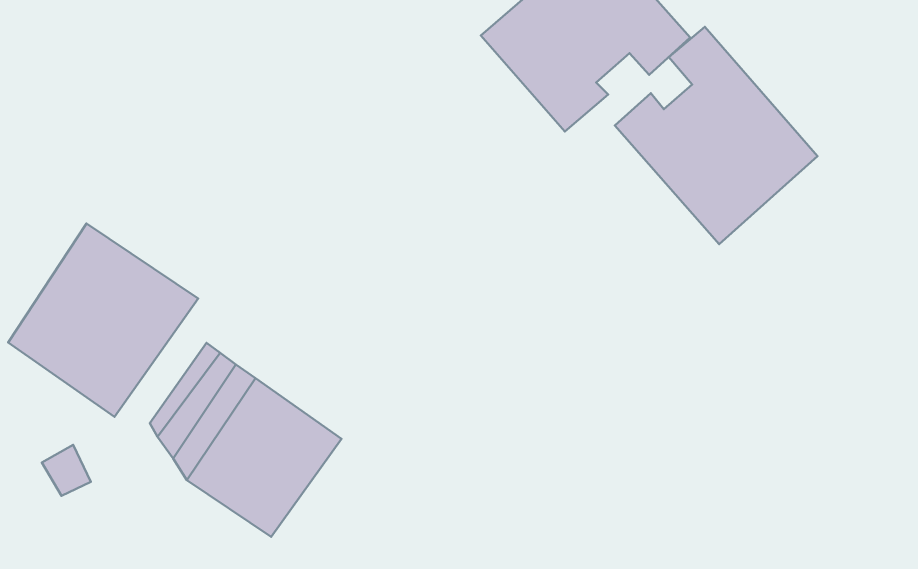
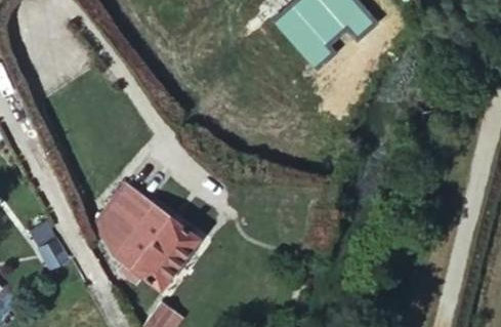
building: [615,27,818,244] -> none
building: [8,223,198,417] -> none

